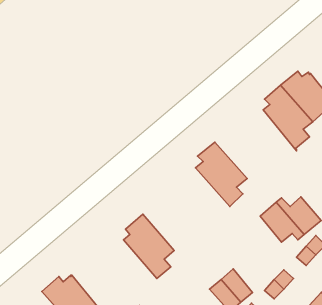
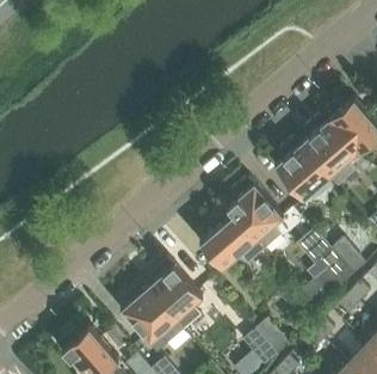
building: none -> [274,136,339,201]
building: none -> [199,207,265,270]
building: none -> [120,281,185,345]

